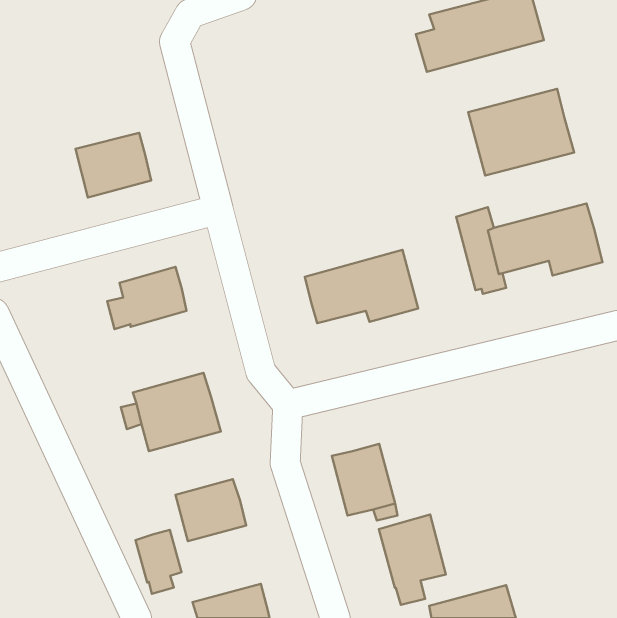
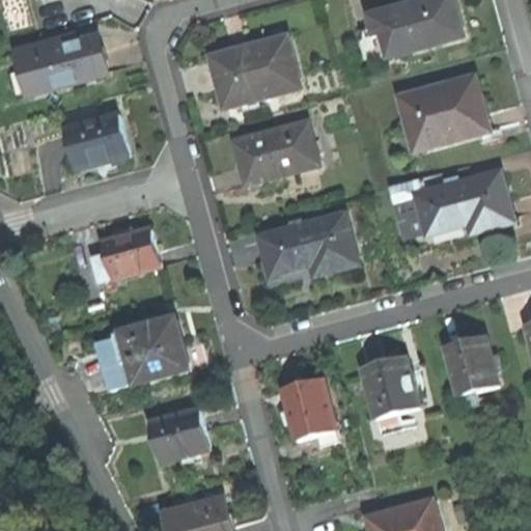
building: none -> [16,35,106,93]
building: none -> [209,35,299,105]
building: none -> [233,120,316,183]
building: none -> [444,334,498,407]
building: [379,515,446,605] -> [362,355,419,431]
building: [136,530,182,594] -> none

